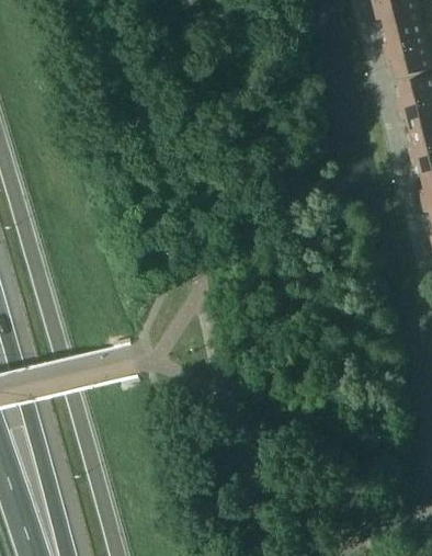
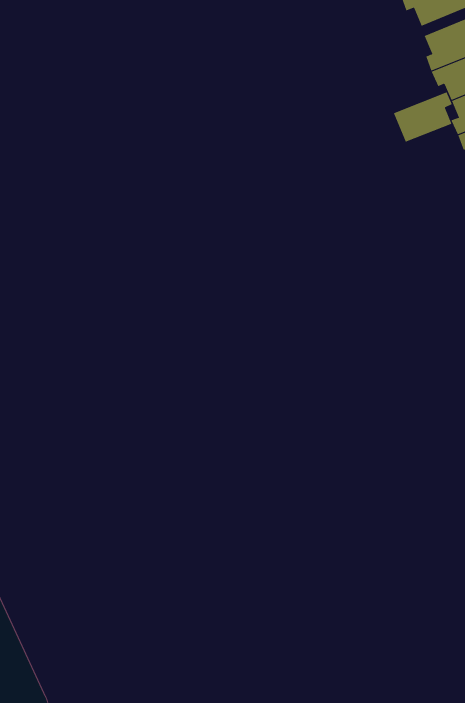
building: none -> [393,91,453,142]

